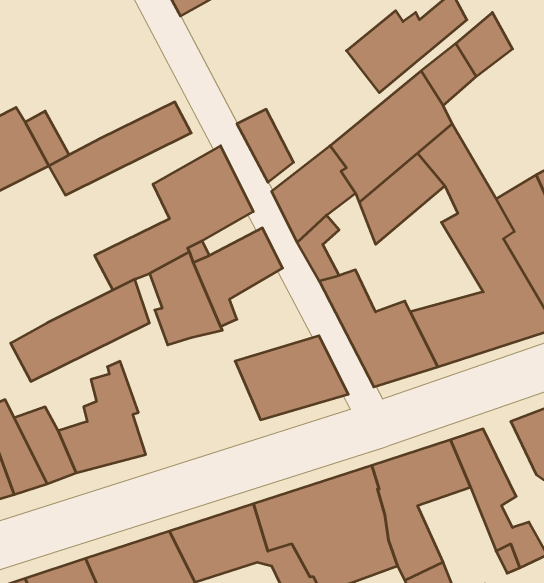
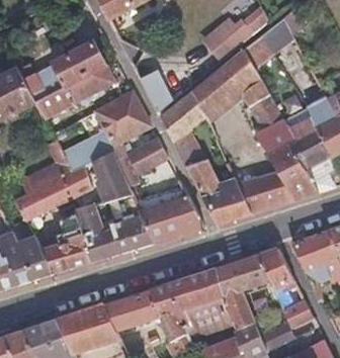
building: none -> [53,41,106,87]
building: none -> [28,142,72,189]
building: none -> [76,193,154,262]

